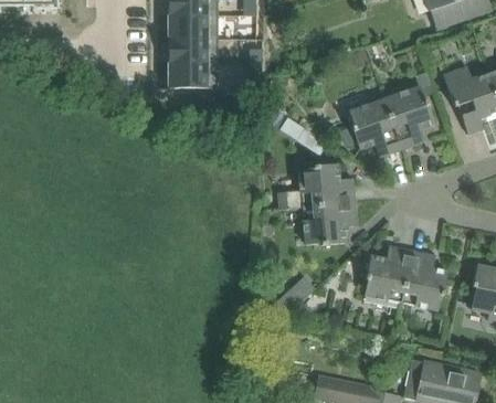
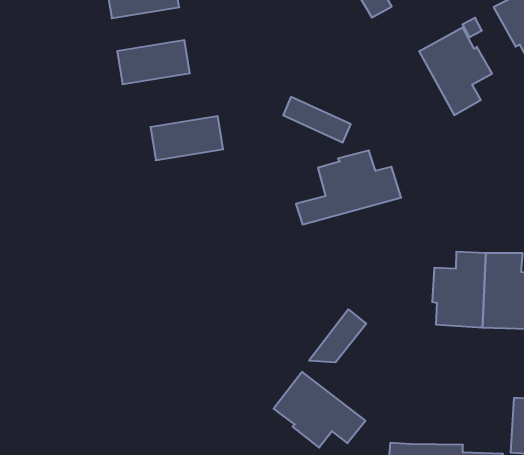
building: [168,39,218,63] -> [150,116,223,160]
building: [349,98,402,156] -> none
building: [302,201,357,244] -> none
building: none -> [274,372,365,448]

